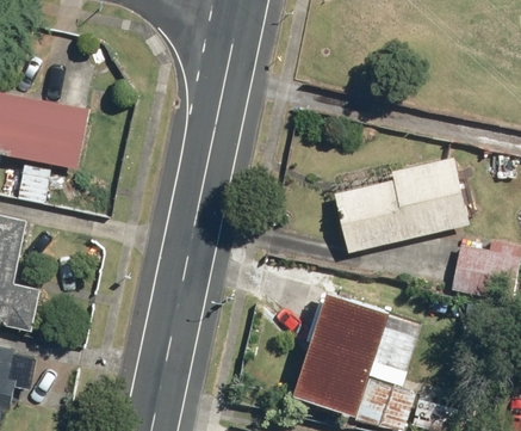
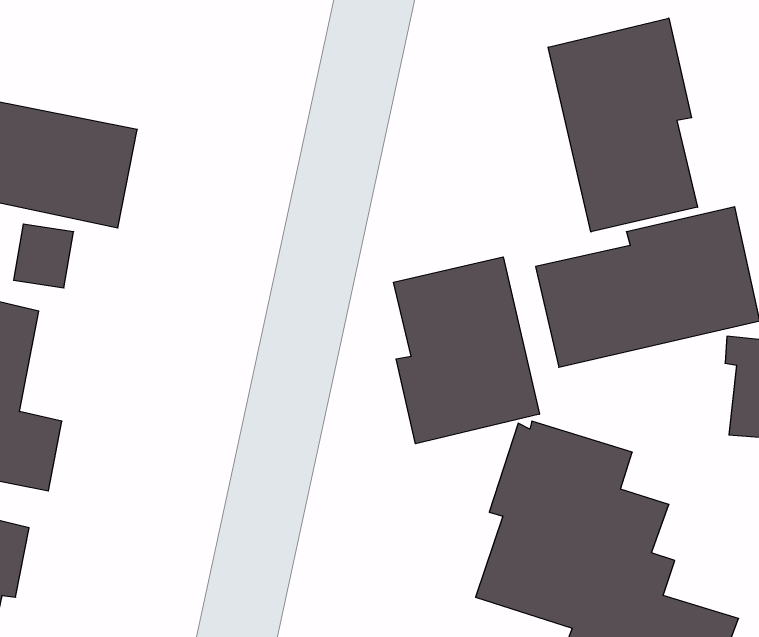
building: none -> [548,18,698,232]
building: none -> [394,257,539,444]

